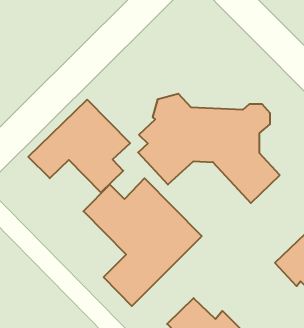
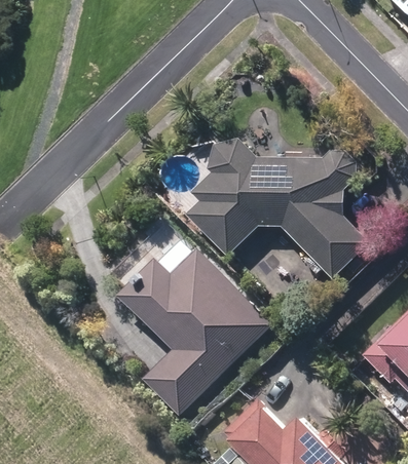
building: [28,100,130,192] -> none

